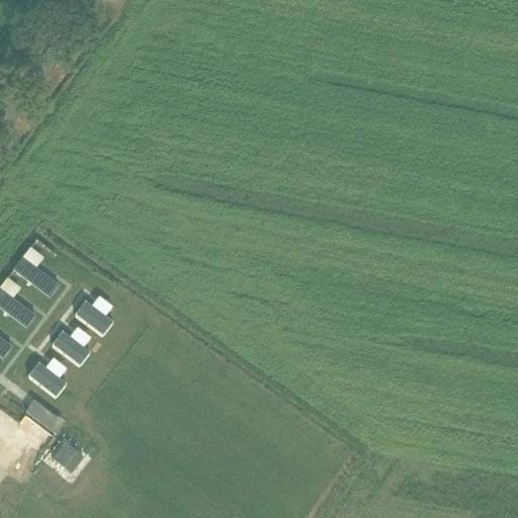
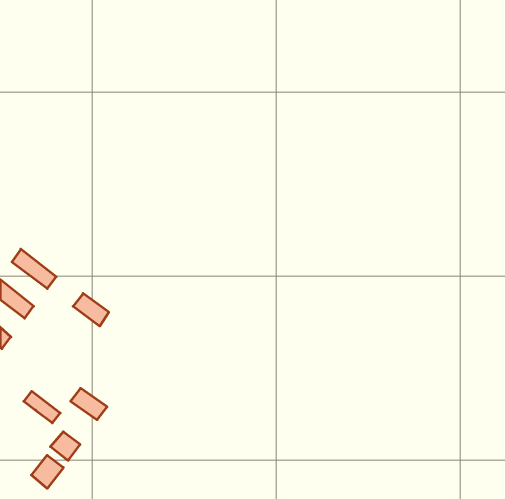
building: [52,331,88,363] -> none
building: [27,362,65,395] -> [71,388,107,420]
building: none -> [31,455,63,488]

